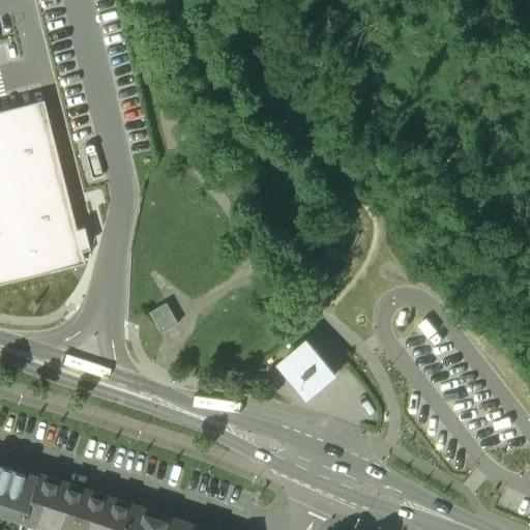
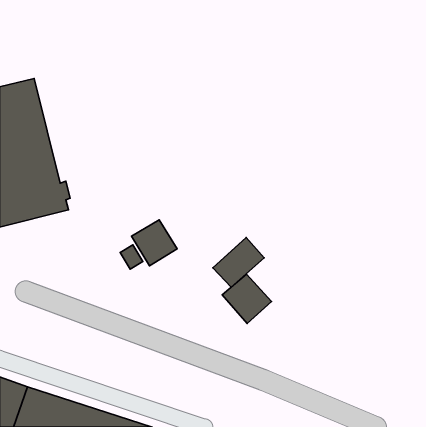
building: none -> [131,220,177,266]
building: none -> [213,238,264,287]

